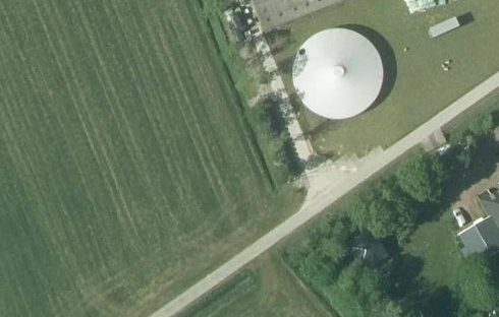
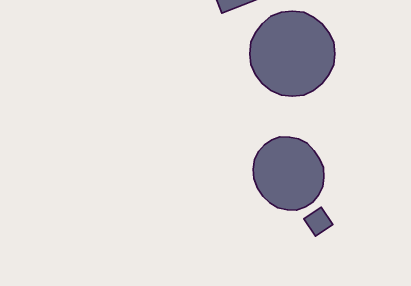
building: none -> [253,137,324,210]

